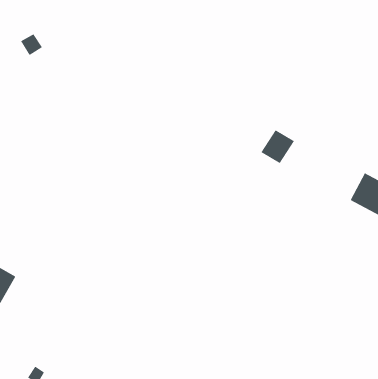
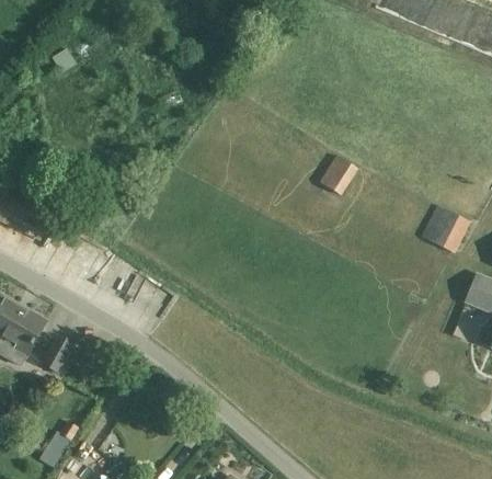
building: none -> [42,332,76,370]

